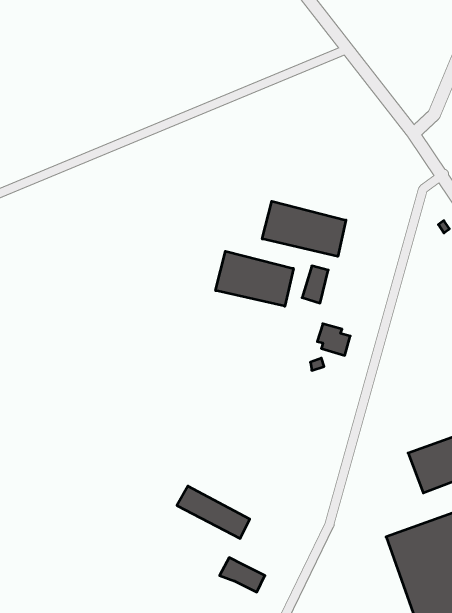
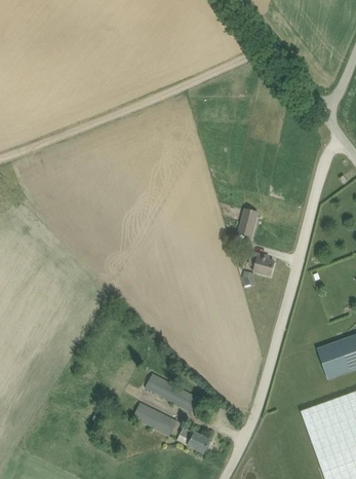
building: [262,201,346,256] -> none
building: [216,251,293,306] -> none
building: none -> [132,402,177,436]

